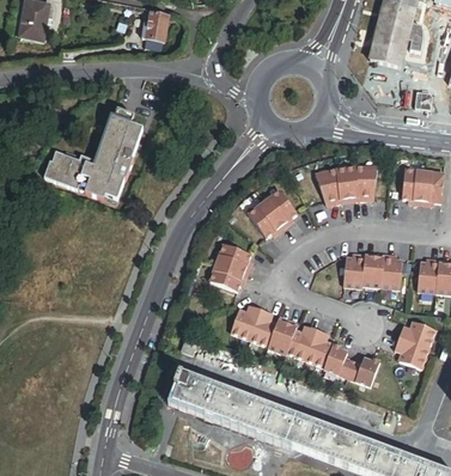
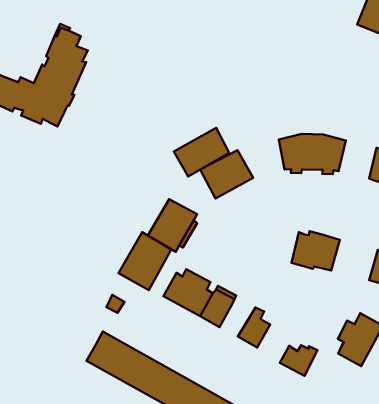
building: none -> [174,128,229,177]
building: [380,254,402,288] -> none
building: none -> [119,232,171,290]
building: [287,327,317,359] -> none
building: [324,343,353,377] -> none

